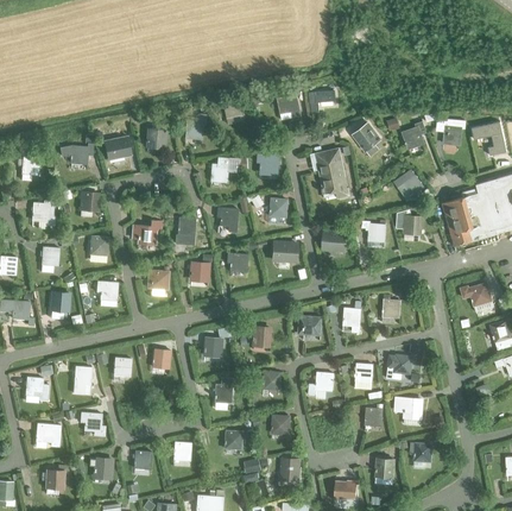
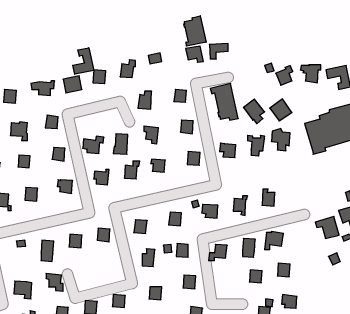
building: none -> [184,16,206,46]
building: none -> [73,48,94,74]
building: [352,122,381,157] -> [243,99,265,124]
building: [461,282,494,313] -> [315,216,339,238]
building: [25,377,49,403] -> none

